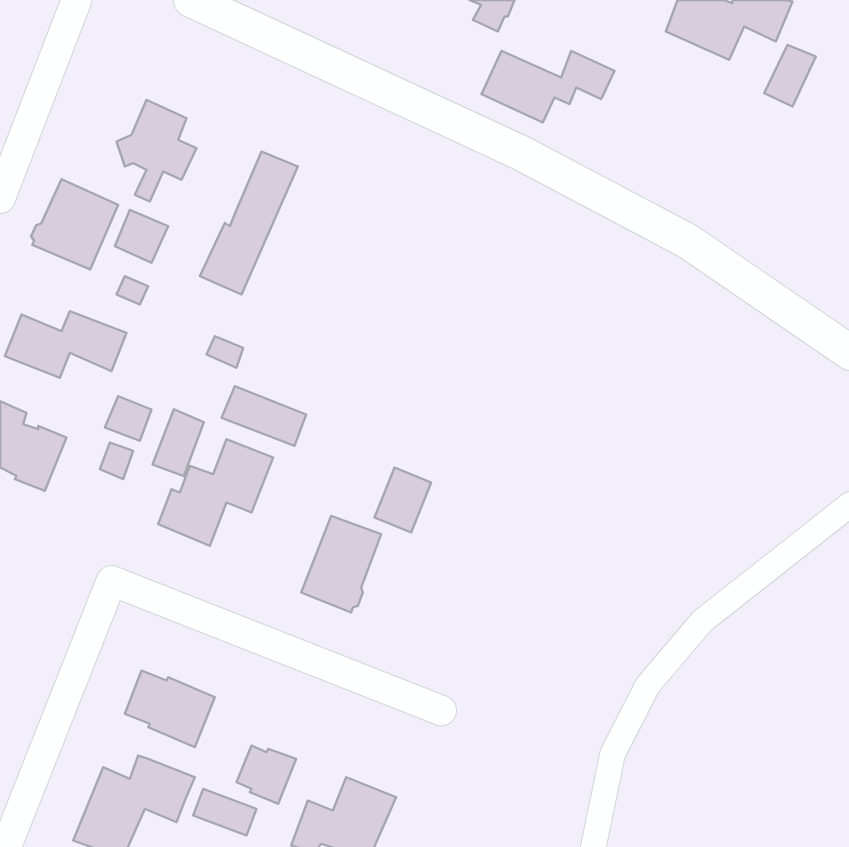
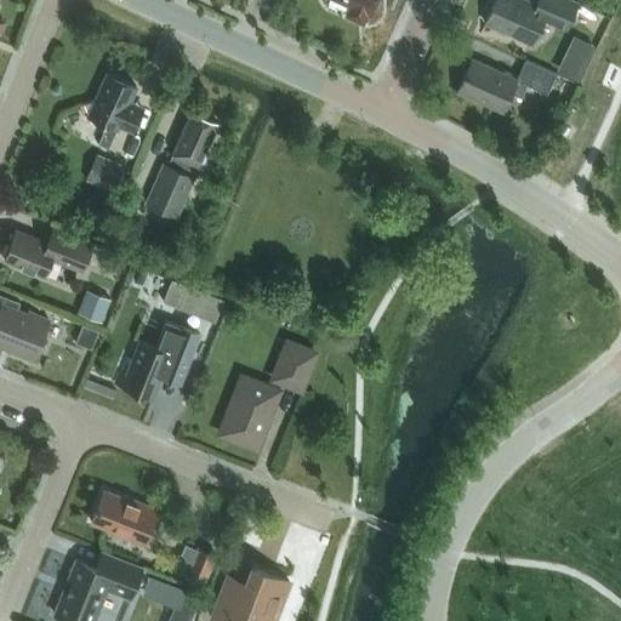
building: [481,51,615,122] -> [458,61,556,113]
building: [31,179,118,270] -> none
building: [153,409,204,476] -> none

